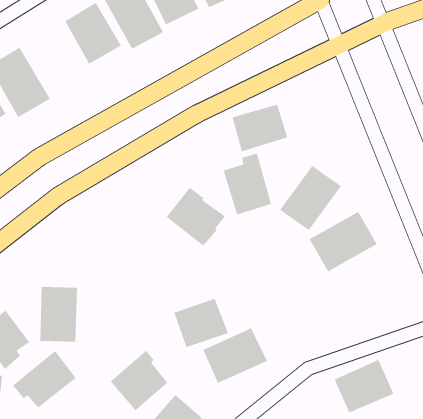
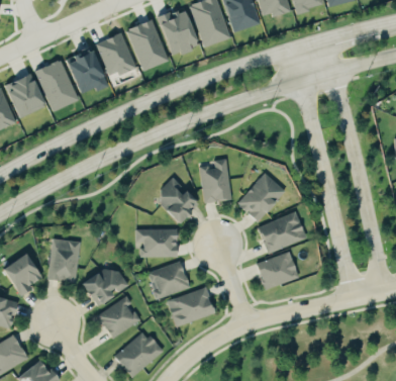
building: none -> [65,50,104,95]
building: [232,104,288,152] -> none
building: none -> [135,228,178,257]
building: [12,350,77,408] -> [80,264,128,305]
building: [334,359,394,413] -> [256,252,299,289]

